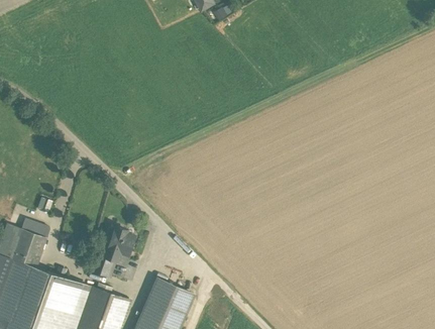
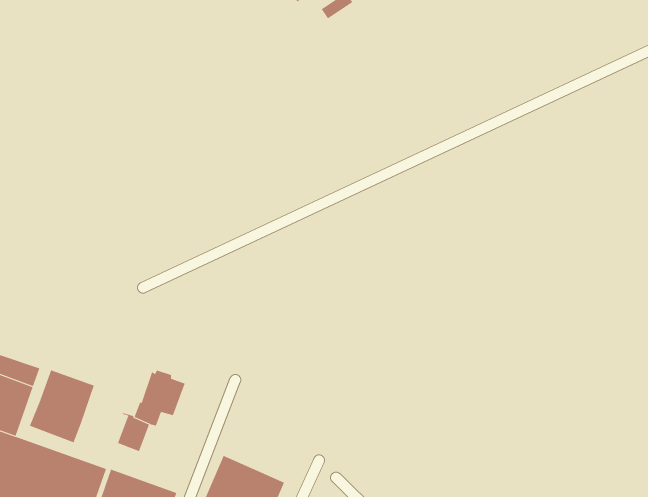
building: none -> [29,369,94,443]

